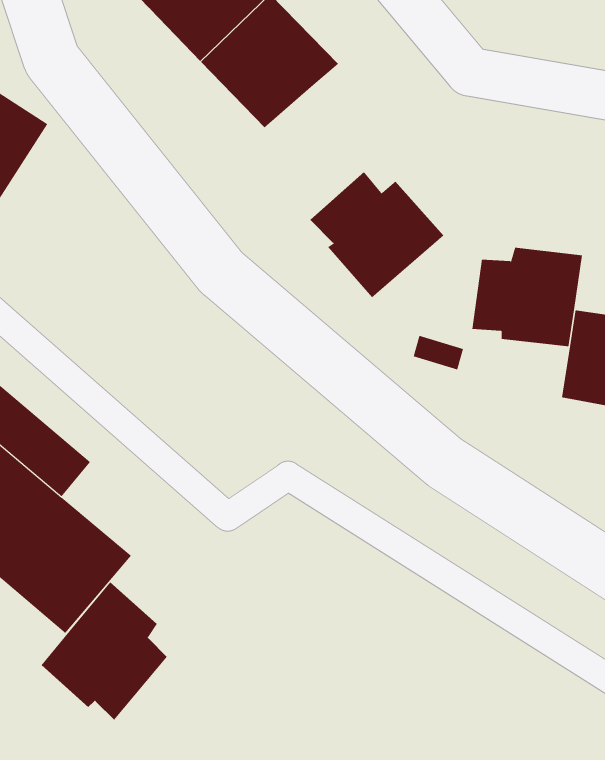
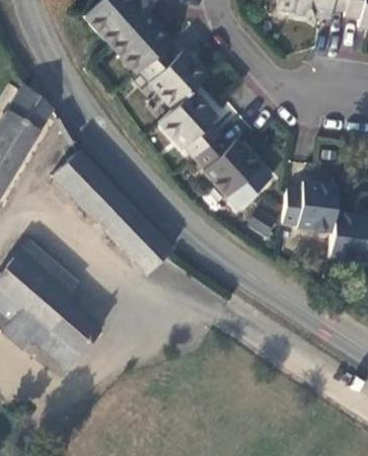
building: none -> [159,90,224,159]
building: none -> [52,152,177,279]
building: [41,581,168,721] -> none

